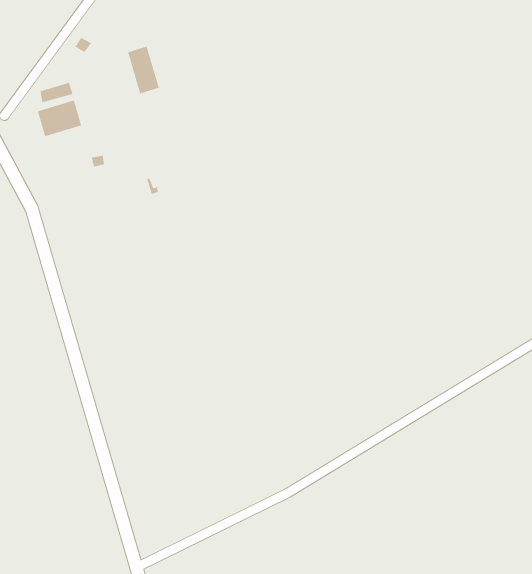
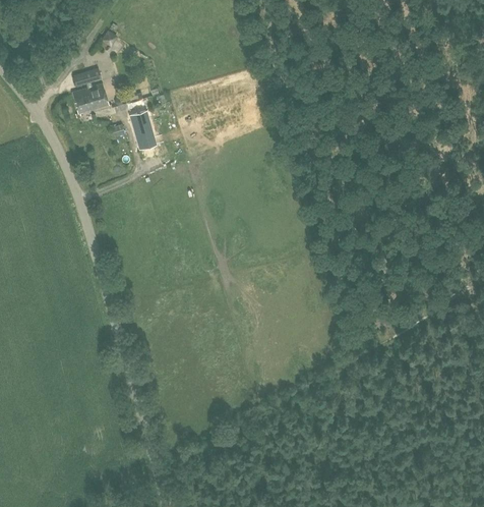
building: [127,45,160,94] -> [126,99,153,138]

